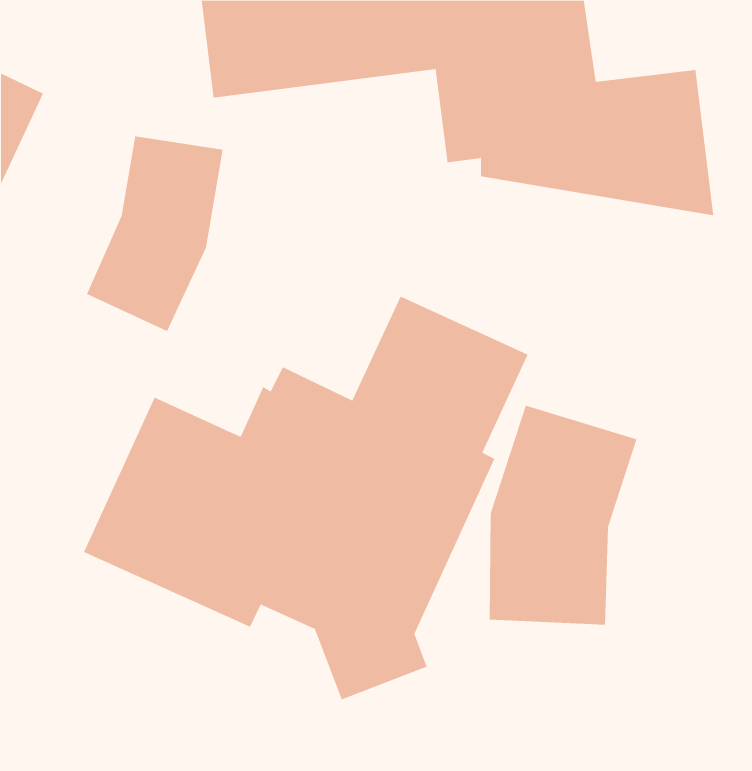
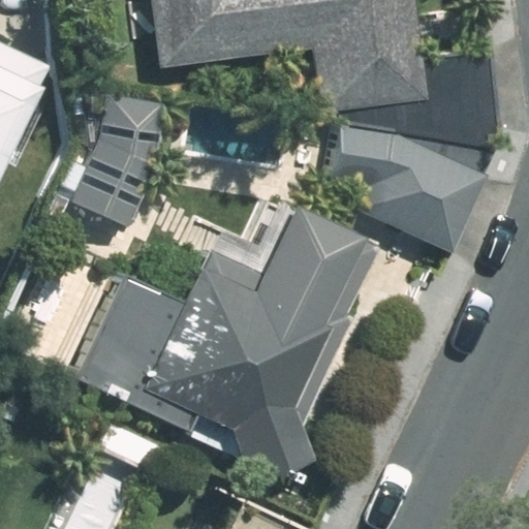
building: none -> [331,125,495,252]
building: [489,405,637,626] -> none

